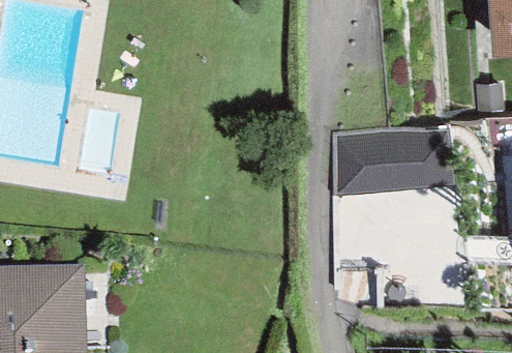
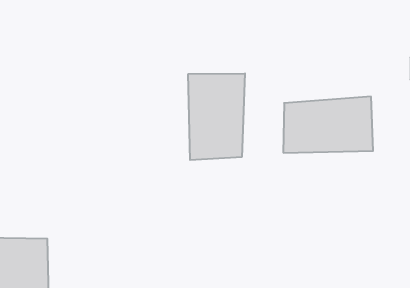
building: none -> [188,73,245,160]

